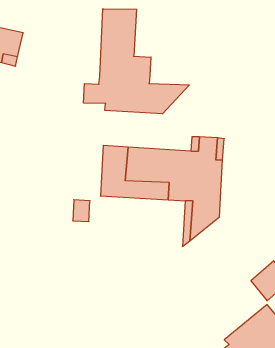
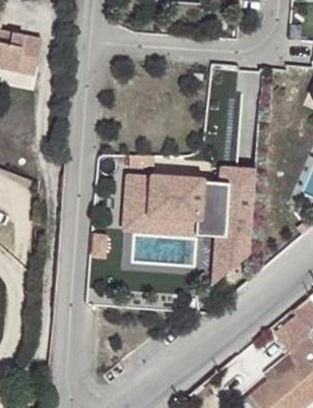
building: [84,9,189,114] -> none

